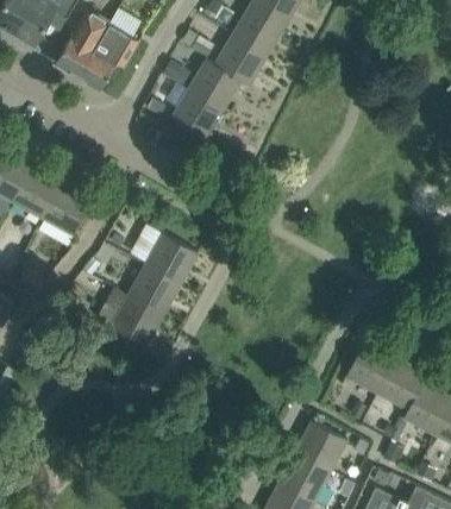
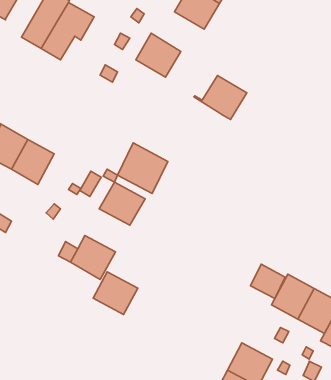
building: [205,34,267,86] -> [194,76,247,119]
building: [169,90,221,142] -> none
building: none -> [117,143,168,194]
building: [127,264,180,314] -> [93,272,138,315]
building: none -> [251,264,285,299]

